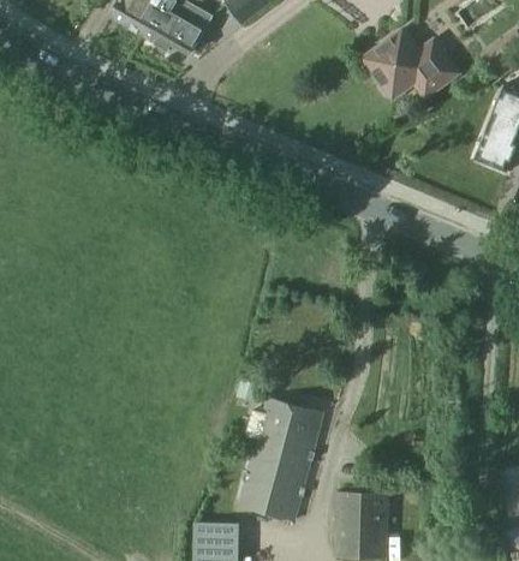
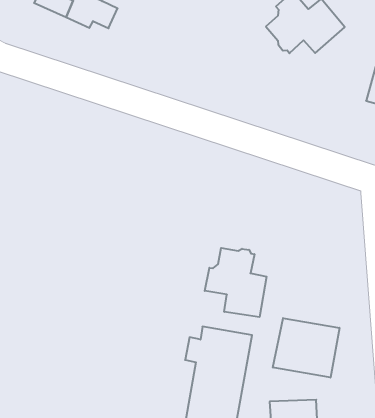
building: none -> [205,248,267,317]
building: none -> [273,318,339,378]

